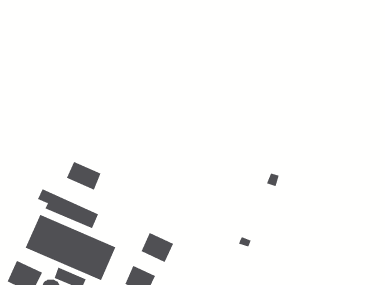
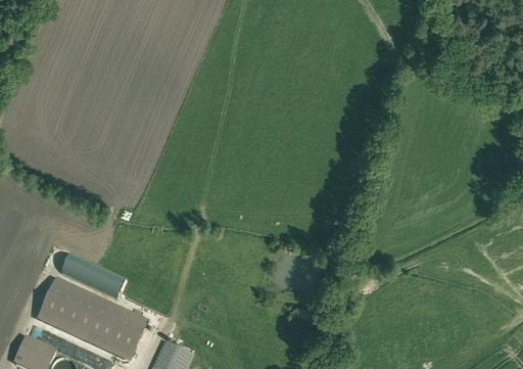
building: [66,161,101,191] -> none
building: [141,232,174,263] -> none

